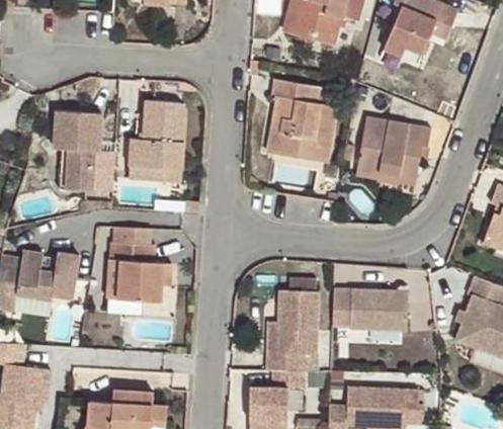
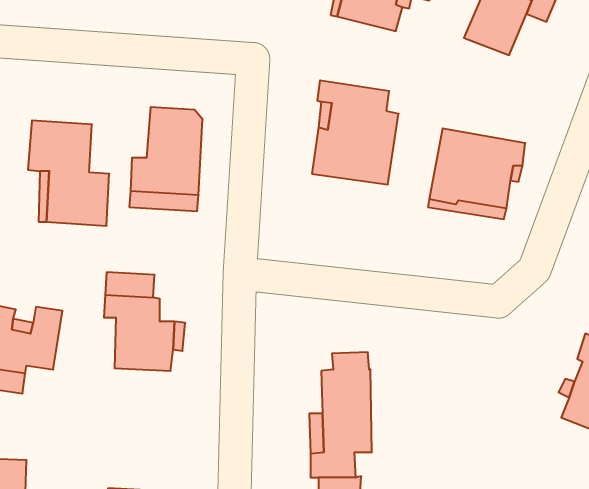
building: [329,295,407,336] -> none

